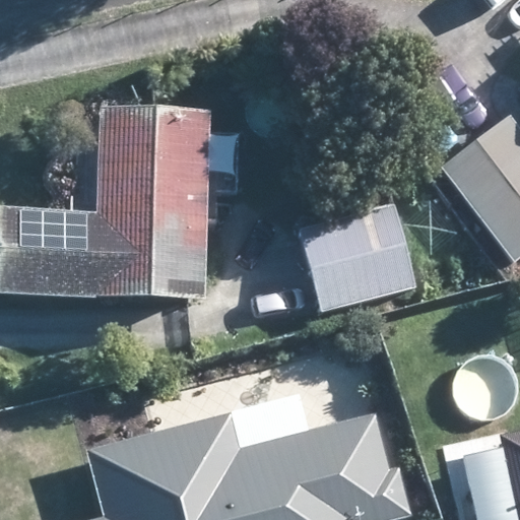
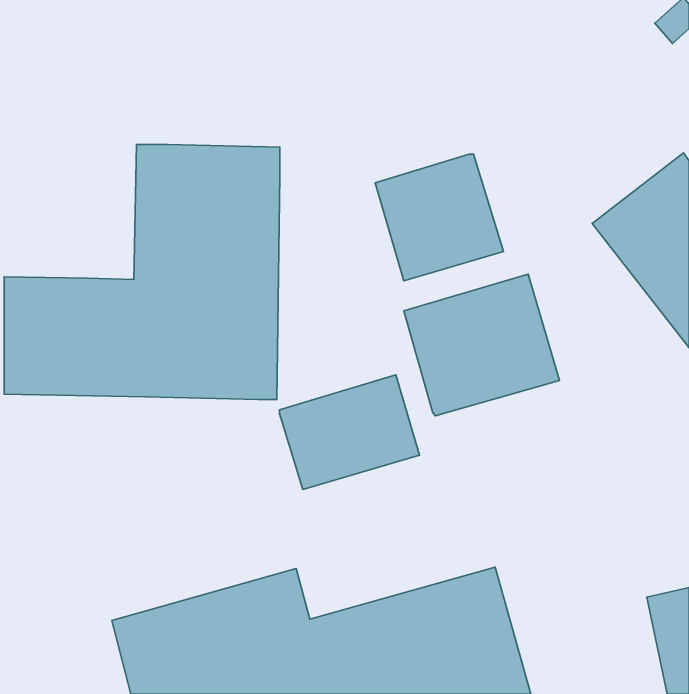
building: none -> [375,154,503,281]
building: none -> [279,375,419,489]

